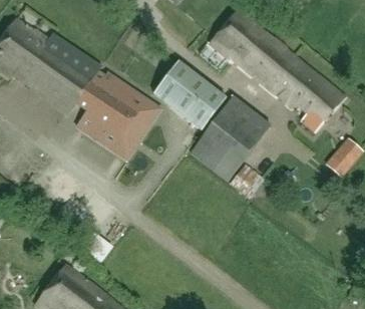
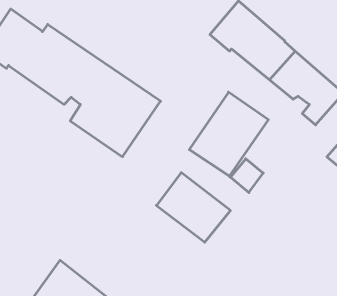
building: [152,61,225,129] -> [156,173,230,242]

